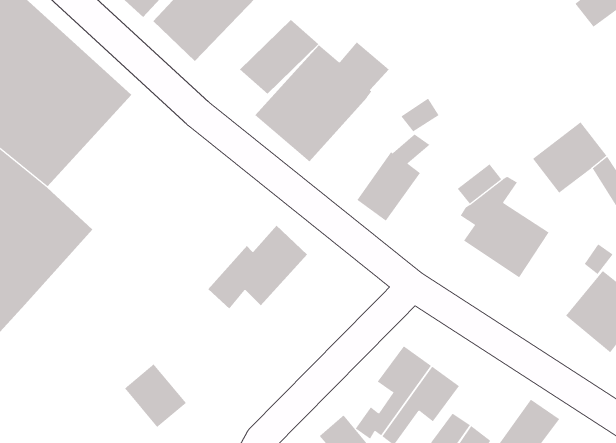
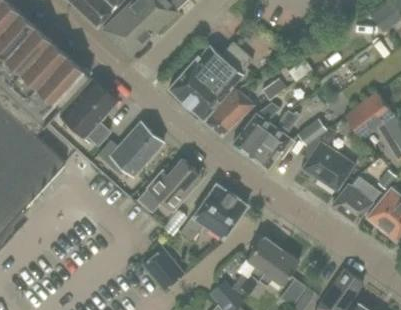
building: [239,19,319,94] -> [204,87,255,135]
building: none -> [59,78,117,144]
building: none -> [252,108,298,167]
building: none -> [98,121,163,176]
building: none -> [332,174,380,223]
building: none -> [181,182,247,241]
building: [124,364,187,428] -> [143,248,183,289]

